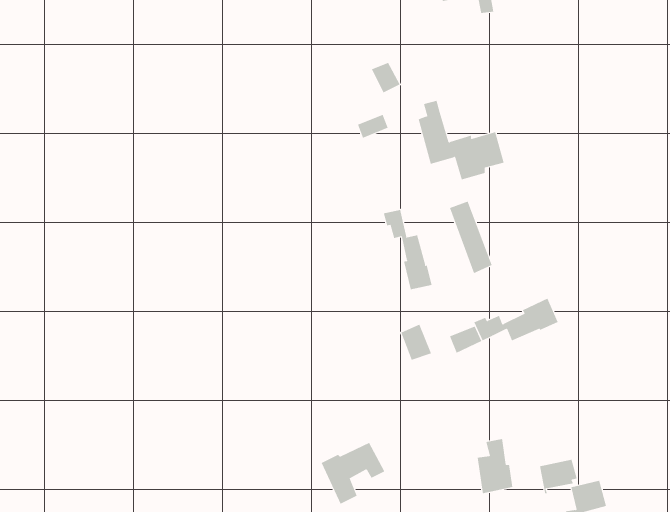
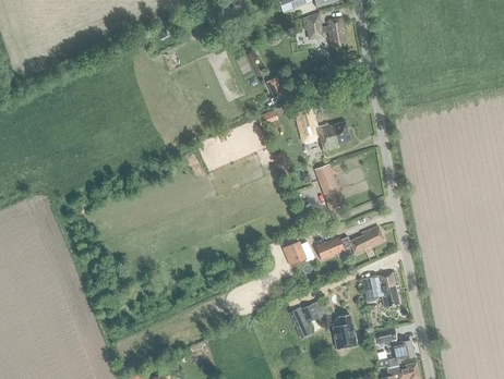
building: [383,209,432,290] -> none
building: none -> [361,271,398,306]
building: [321,442,385,505] -> [288,299,328,339]

